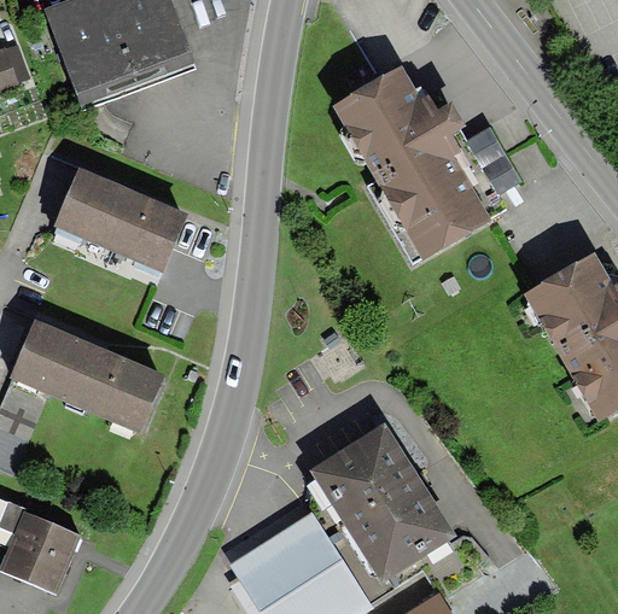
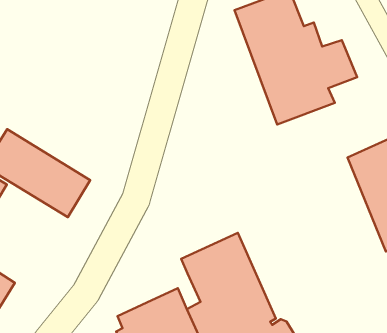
building: [53,164,191,274] -> none

